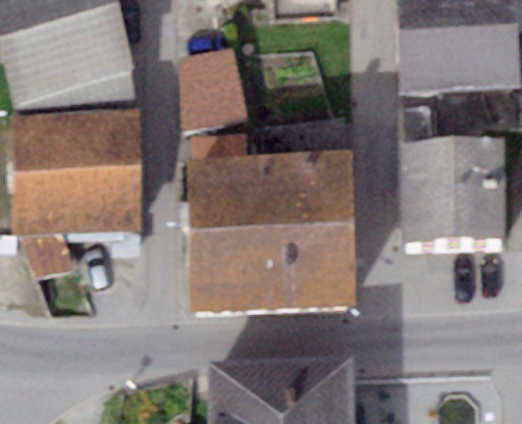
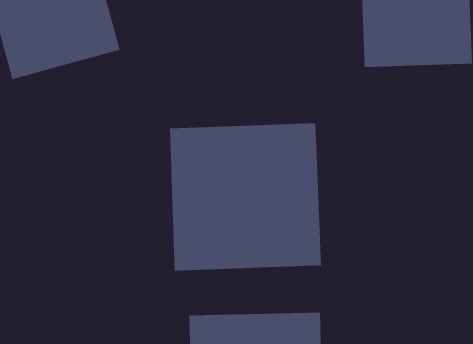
building: [178,47,248,132] -> none
building: [10,112,140,234] -> none
building: [400,141,509,241] -> none

